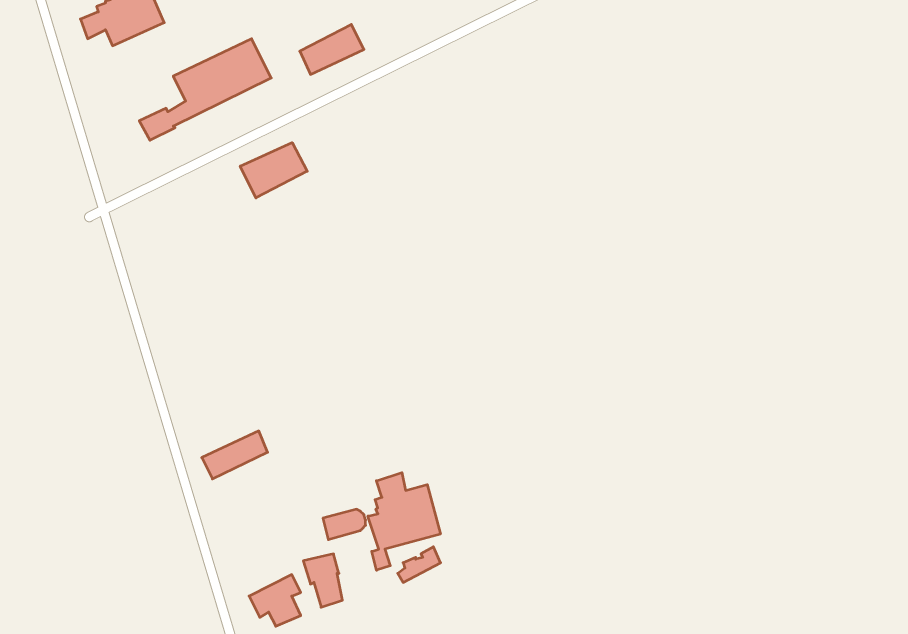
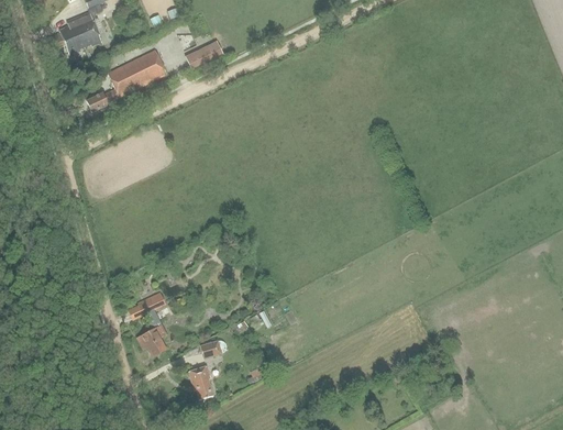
building: [240,143,307,198] -> none
building: [368,473,440,570] -> none
building: [249,575,301,626] -> [135,323,167,355]

